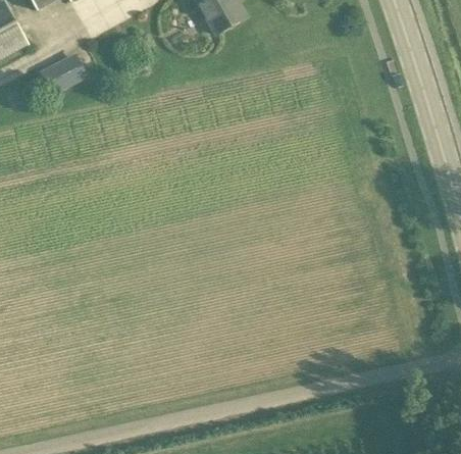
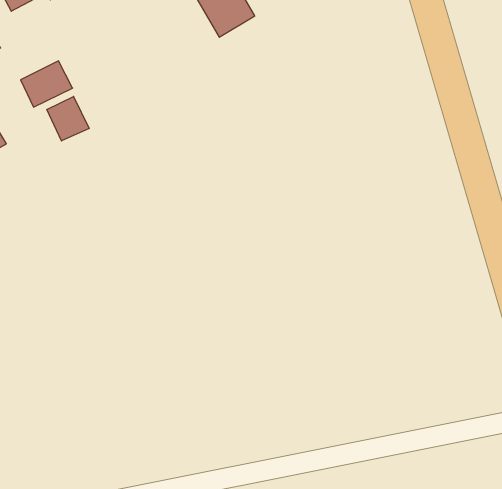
building: none -> [47,96,89,141]

